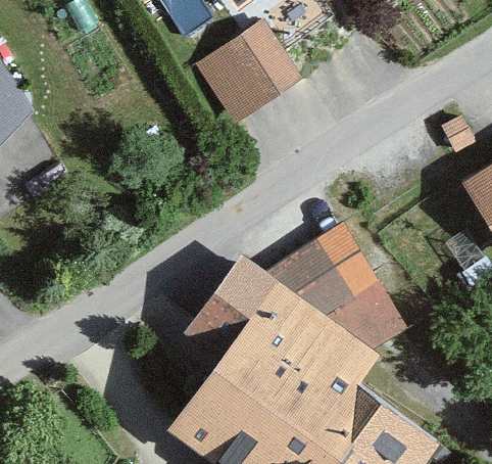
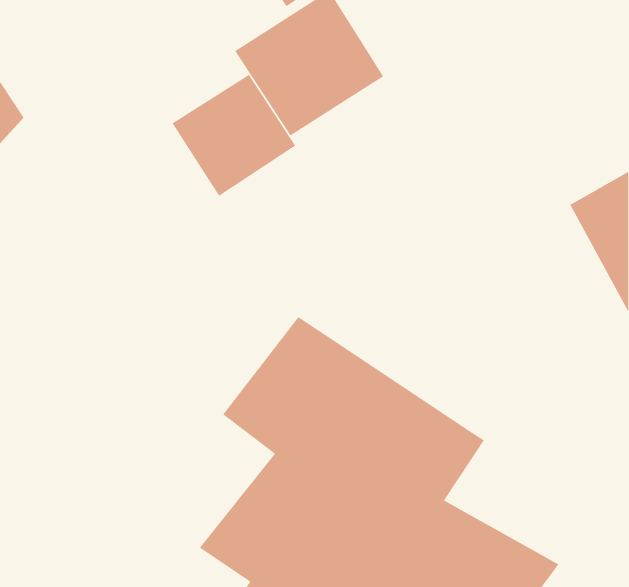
building: none -> [171,74,296,197]
building: [257,220,408,346] -> none

